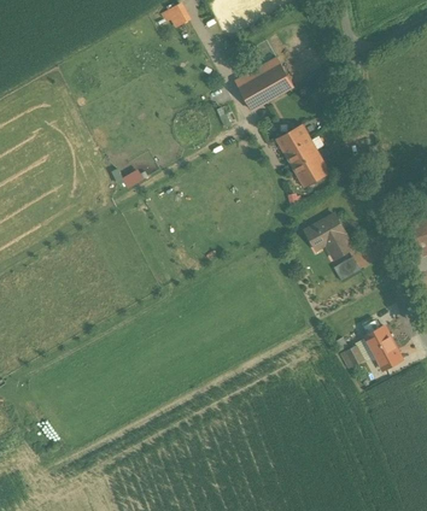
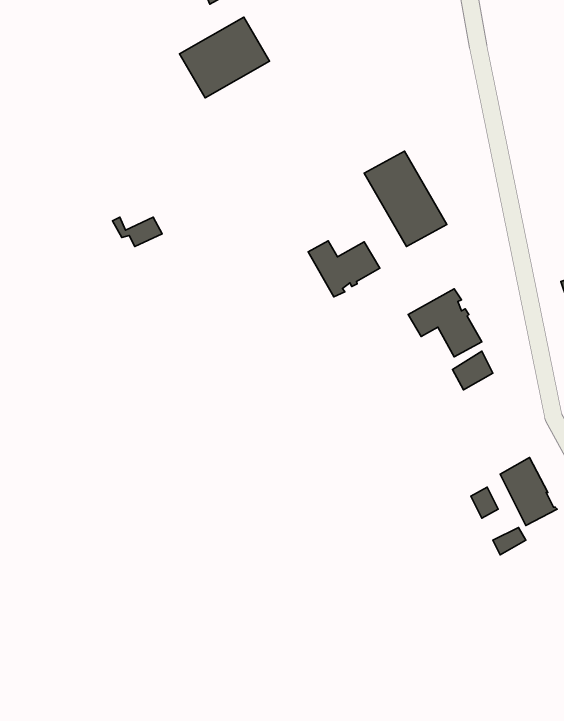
building: [234,58,293,111] -> [179,17,269,98]
building: none -> [308,241,380,297]

